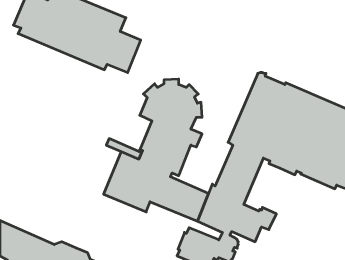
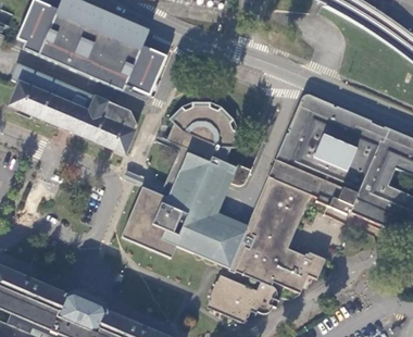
building: none -> [9,63,136,152]
building: none -> [200,174,273,234]

